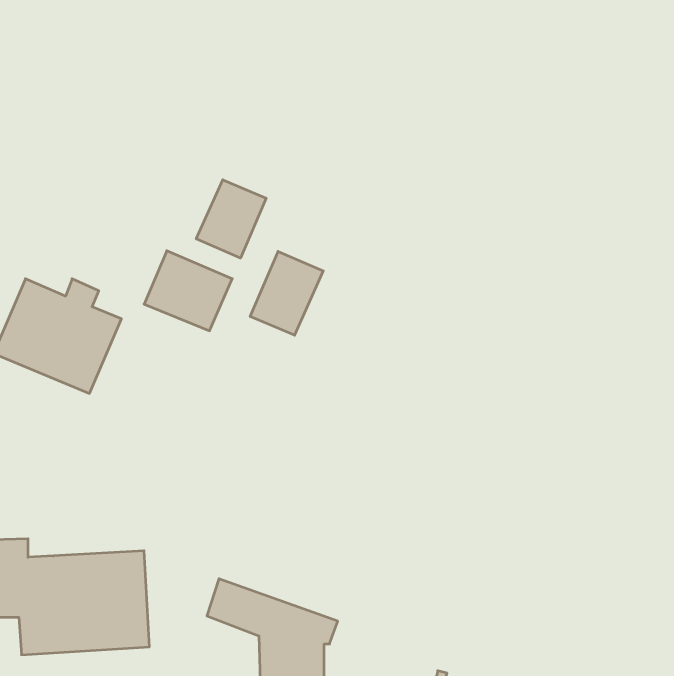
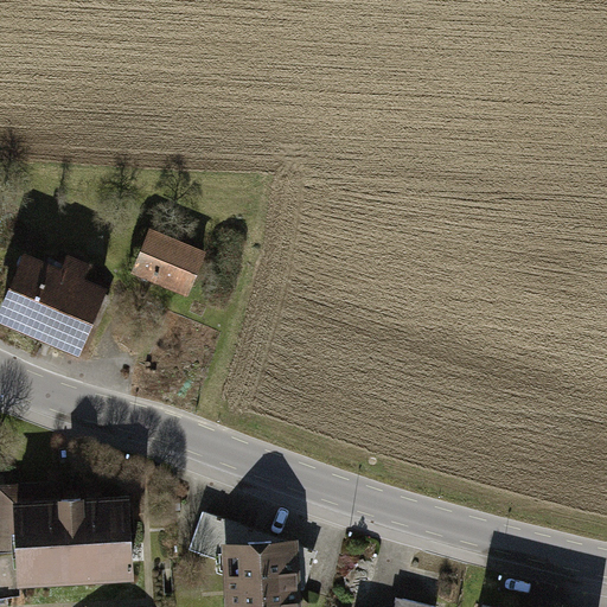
building: [196,180,266,258] -> none
building: [250,251,323,335] -> none

